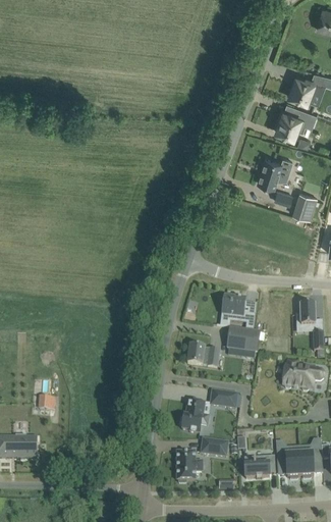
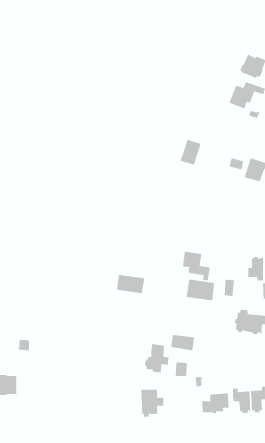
building: [258,157,282,187] -> [180,139,202,165]
building: [187,345,220,366] -> [116,274,145,294]
building: [201,437,228,456] -> none

